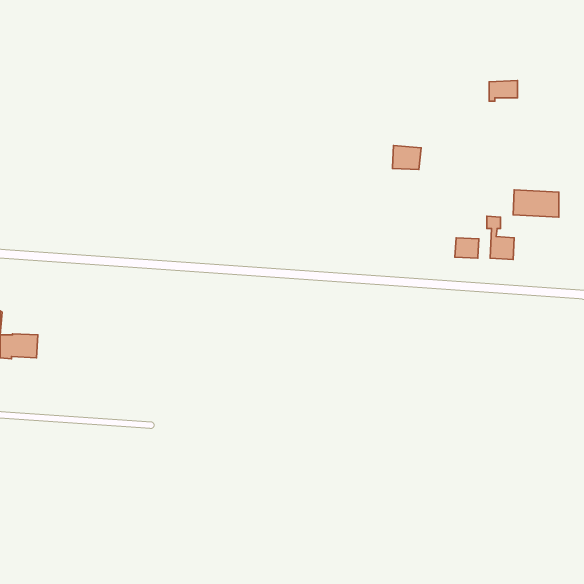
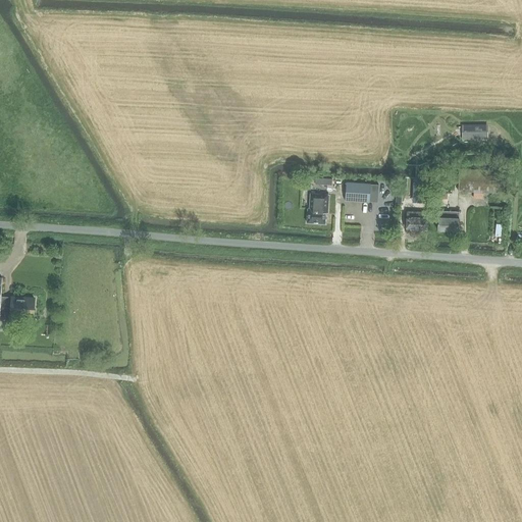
building: [489,81,518,101] -> [462,124,487,143]
building: [392,146,421,170] -> [344,179,369,201]
building: none -> [307,194,328,224]

